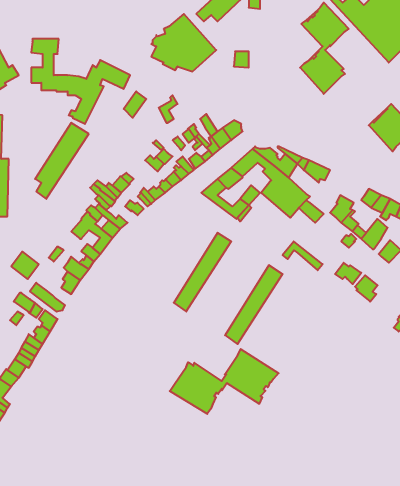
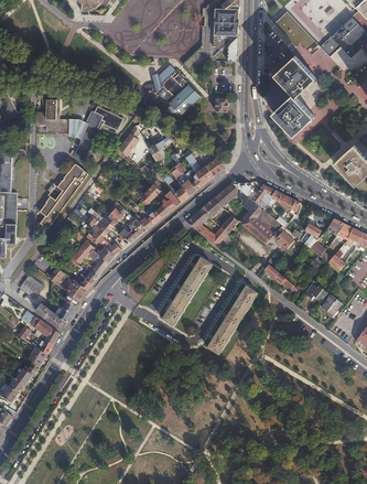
building: [170,349,279,414] -> none

